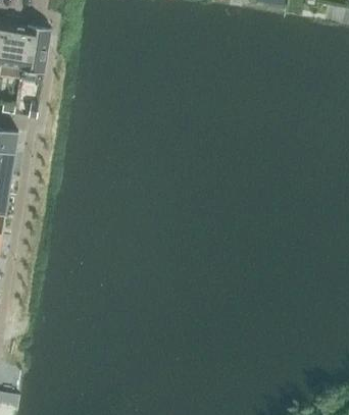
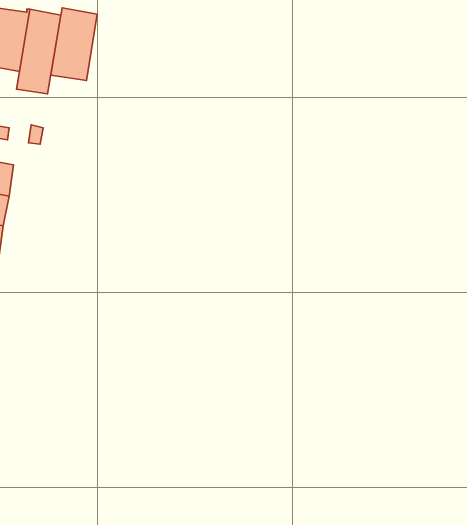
building: none -> [51,8,97,80]

